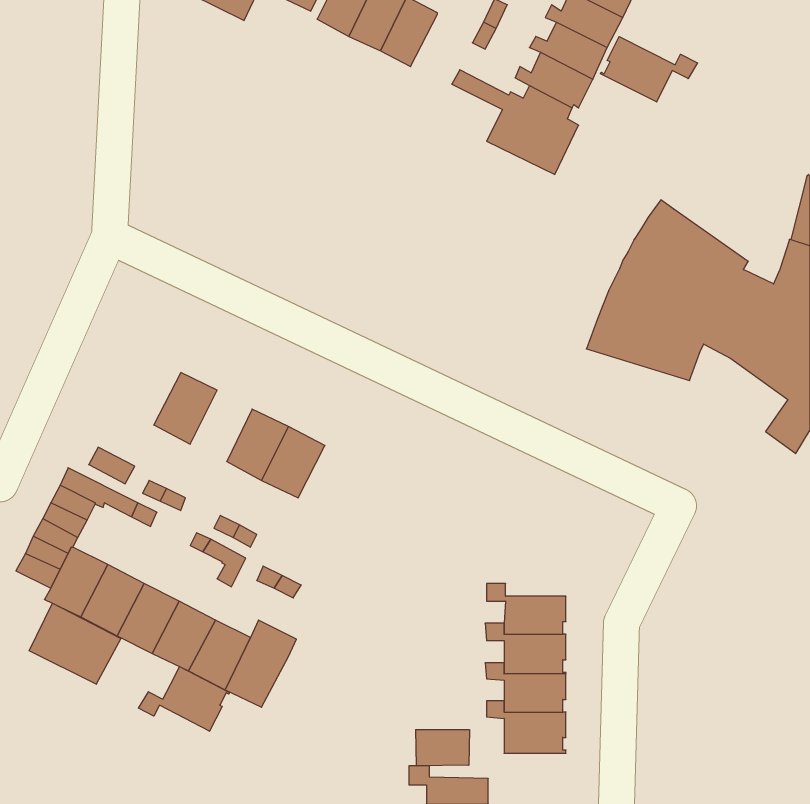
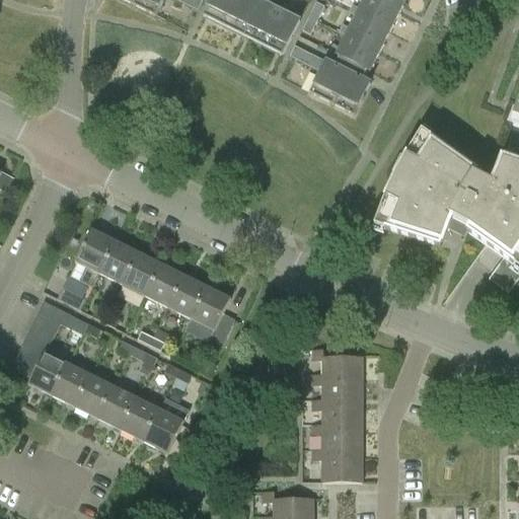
building: none -> [263,8,300,53]
building: [600,37,698,102] -> none
building: none -> [75,226,116,285]
building: none -> [122,249,161,295]
building: none -> [191,285,234,342]
building: none -> [311,349,363,381]
building: [29,603,121,684] -> none
building: [138,667,230,731] -> none
building: [416,730,469,766] -> none

